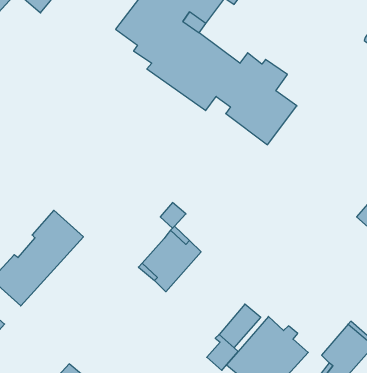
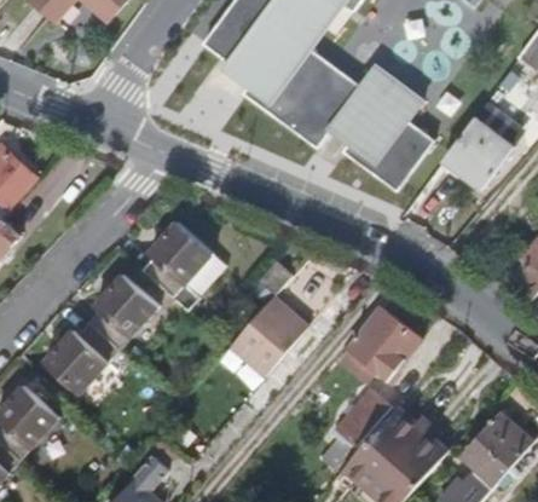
building: none -> [441,116,511,187]
building: none -> [143,221,226,308]
building: none -> [342,311,420,382]

